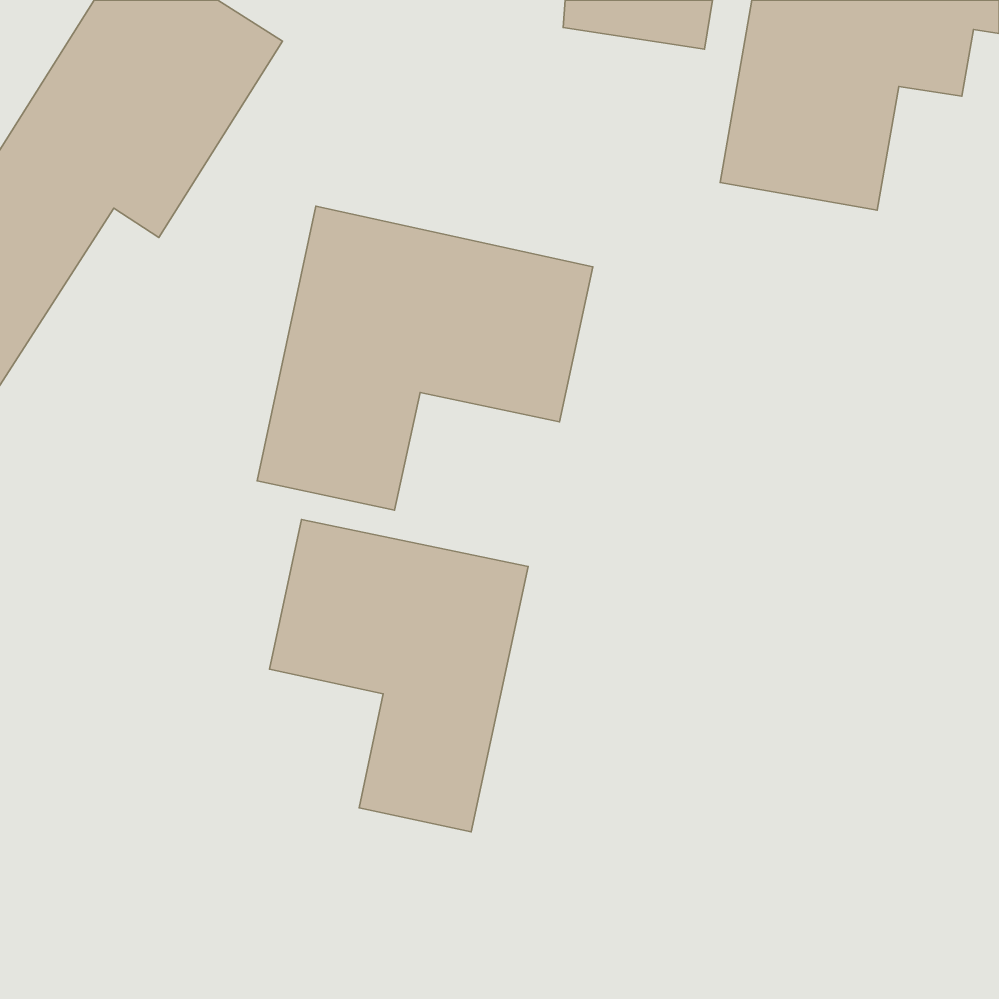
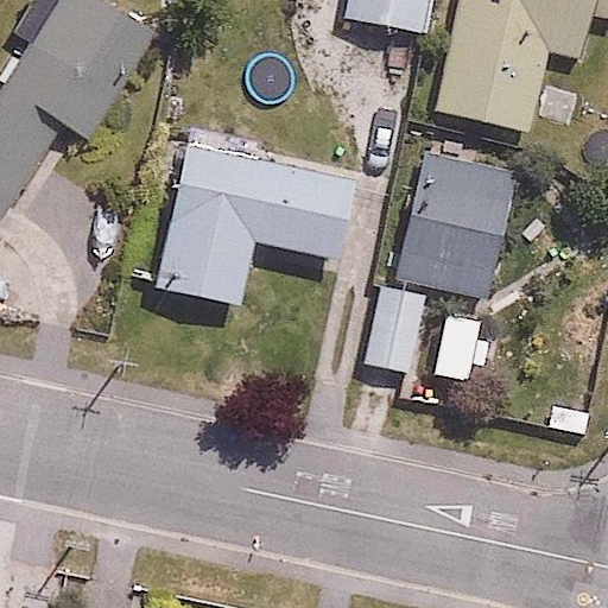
building: none -> [357,145,515,372]
building: [270,519,528,832] -> none

